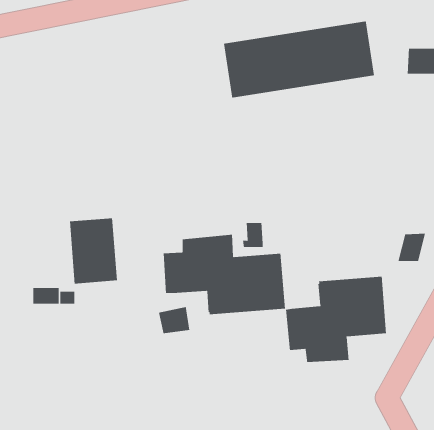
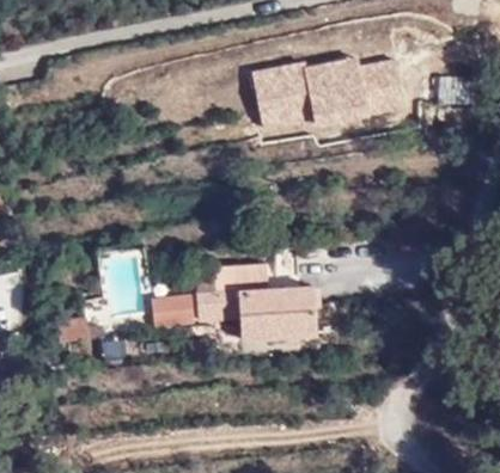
building: none -> [151,295,194,330]
building: [286,276,386,363] -> none

